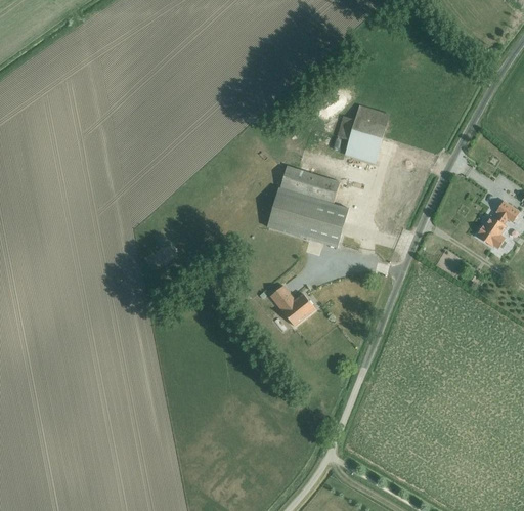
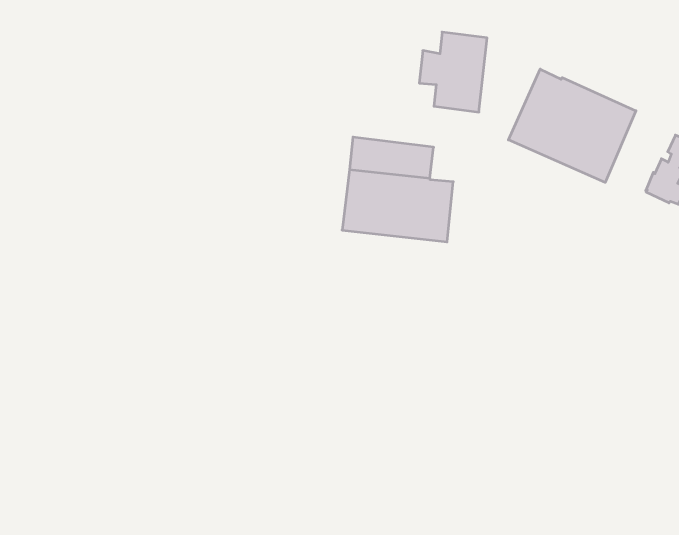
building: none -> [508,69,636,182]
building: [269,286,314,326] -> none

